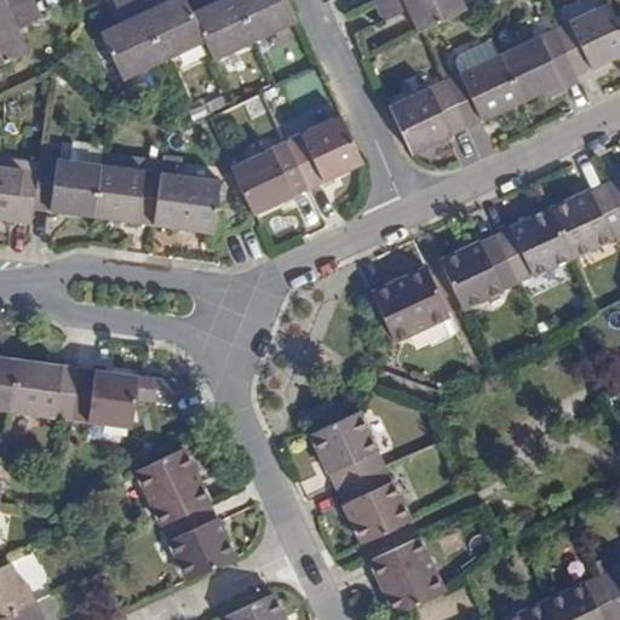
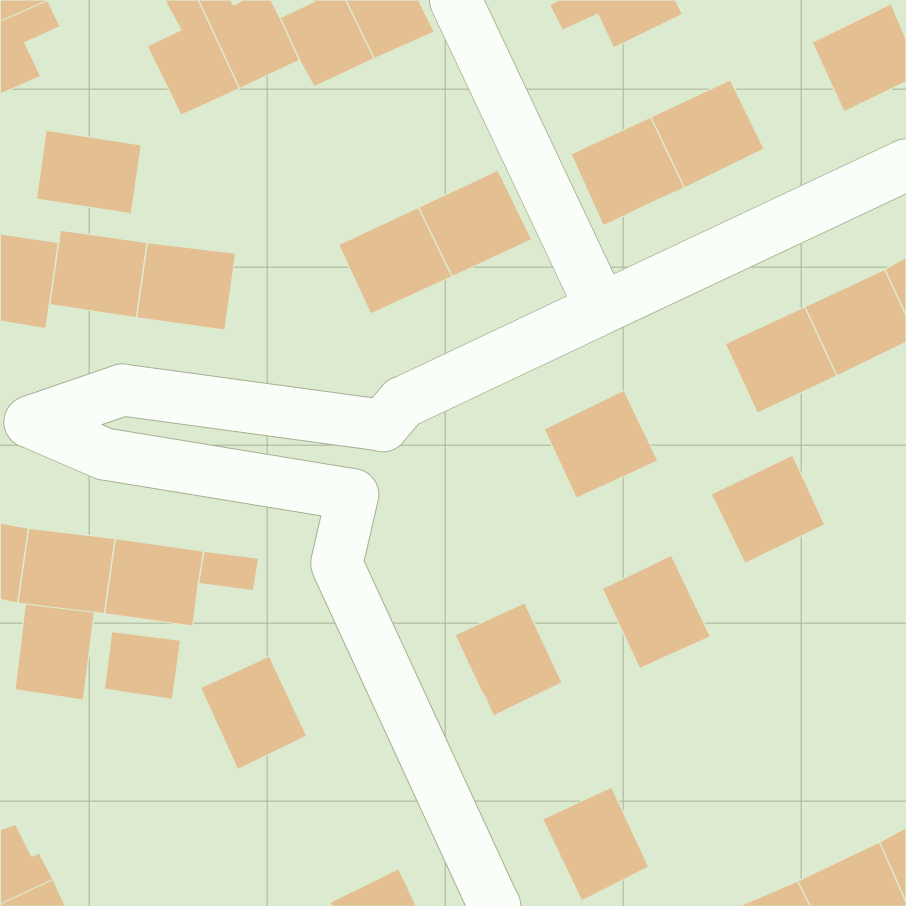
building: [499,29,576,102] -> none
building: none -> [36,130,141,214]
building: [154,173,220,232] -> none
building: [440,235,517,309] -> [711,455,825,563]
building: none -> [15,604,94,700]
building: none -> [104,632,181,700]
building: [337,466,411,544] -> [602,555,710,669]
building: [162,503,235,580] -> none

